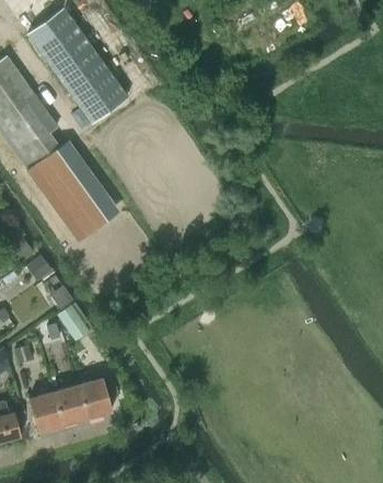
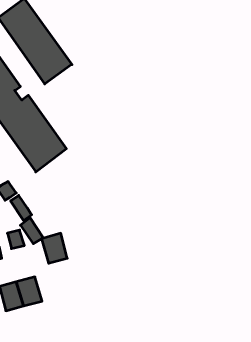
building: [78,378,113,418] -> [41,233,67,263]

